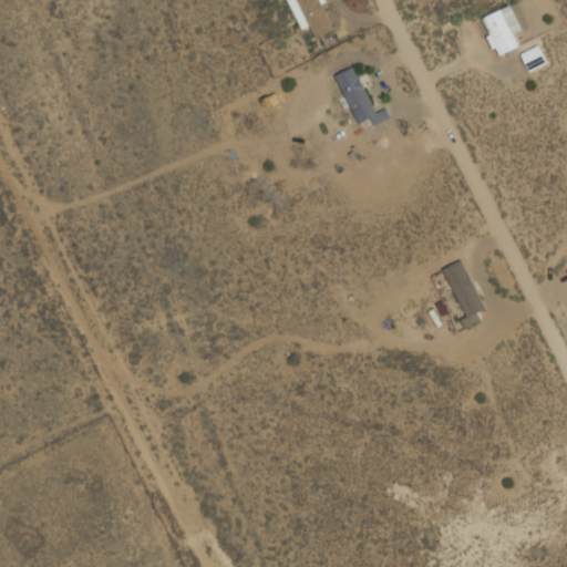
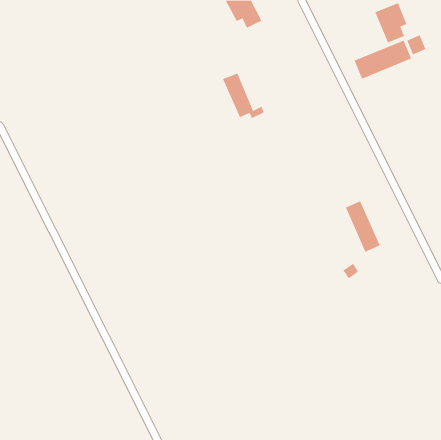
building: none -> [354,40,412,79]
building: [334,66,389,125] -> [222,73,265,119]

